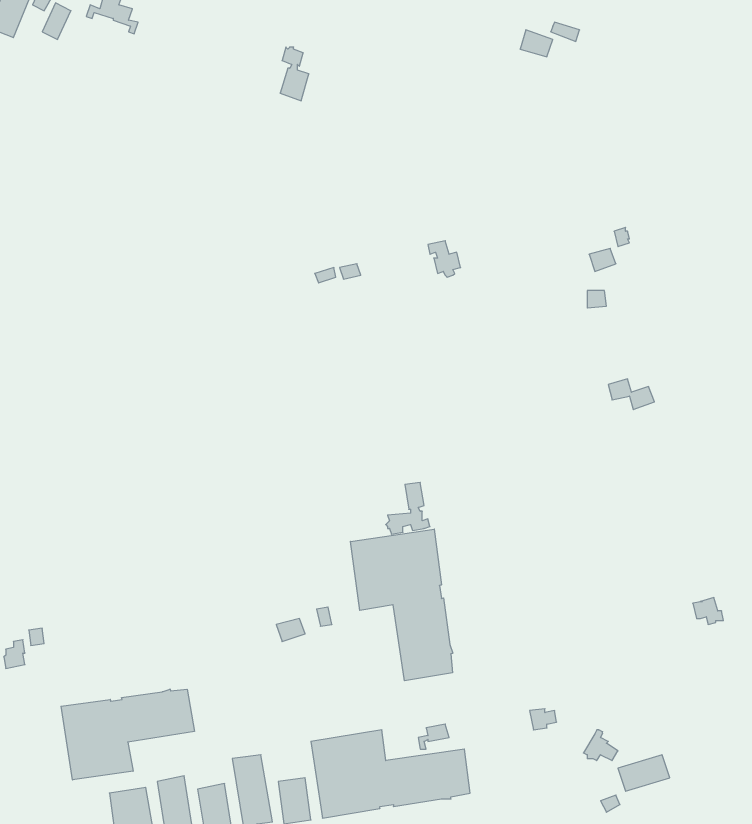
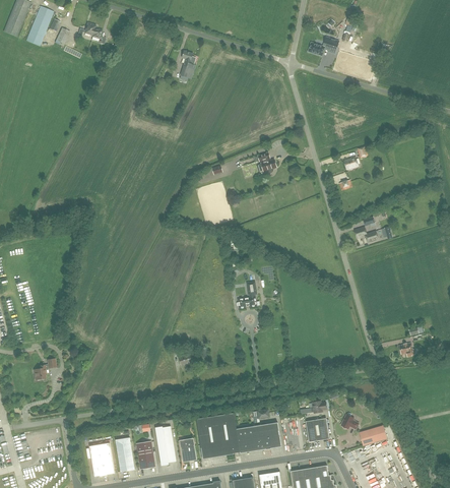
building: [350,529,453,681] -> none
building: [61,689,194,780] -> none
building: none -> [305,418,329,442]

